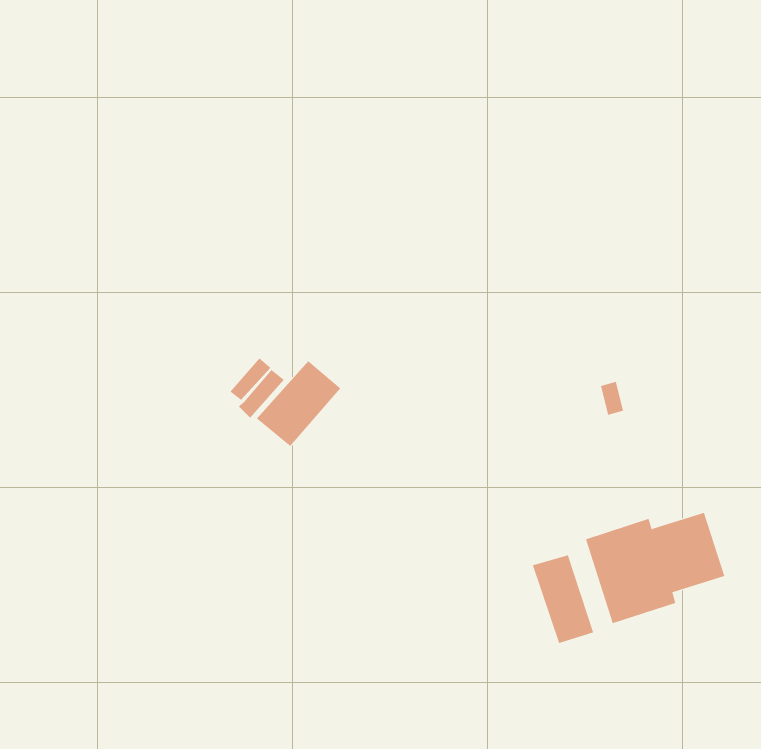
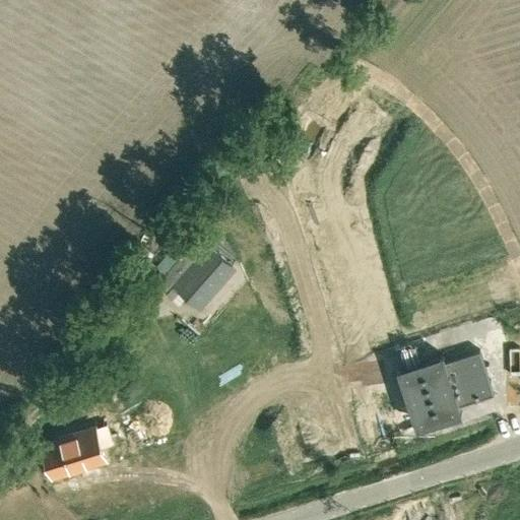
building: [532,554,594,644] -> none
building: none -> [41,429,111,480]

